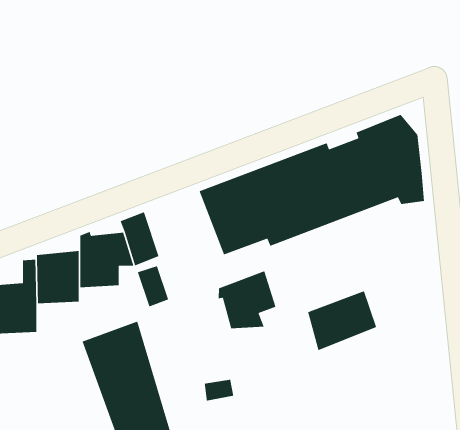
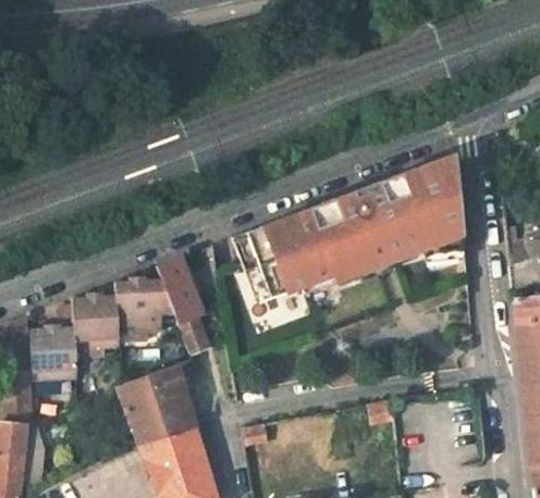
building: [218,270,277,329] -> none
building: [307,290,377,351] -> none

